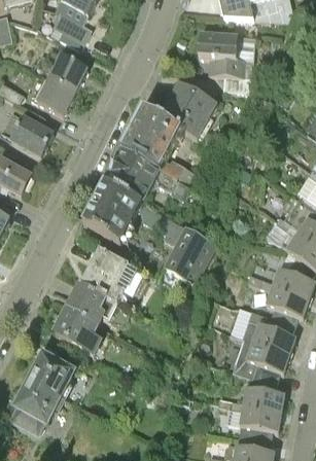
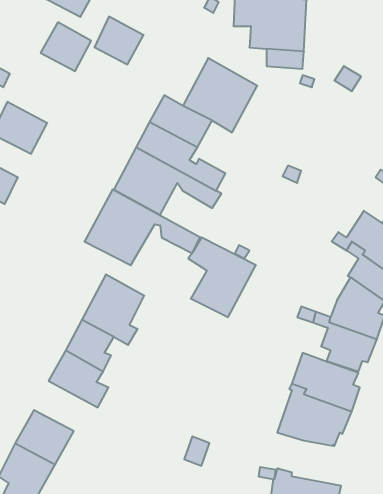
building: [37,77,75,114] -> [94,17,144,64]
building: [243,378,284,413] -> none

